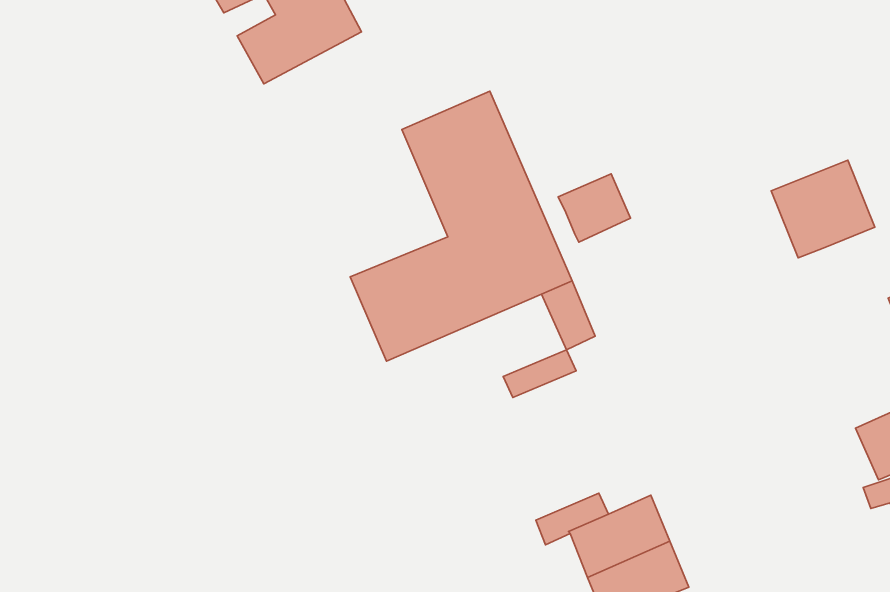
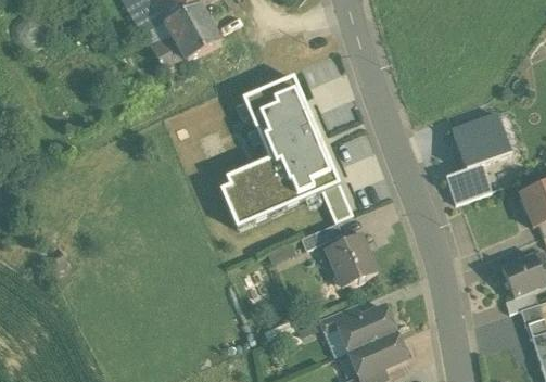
building: [558,174,630,242] -> none
building: none -> [446,164,492,203]
building: none -> [325,233,377,284]

